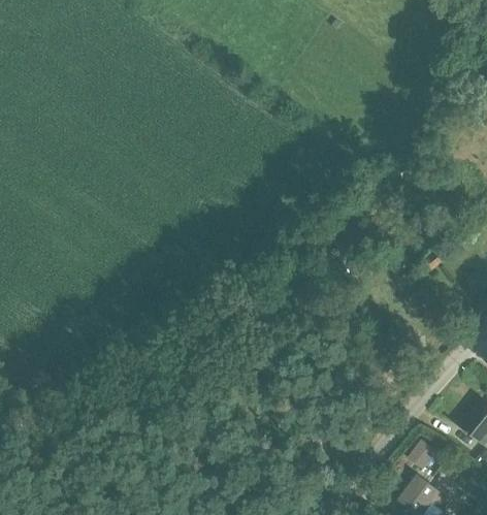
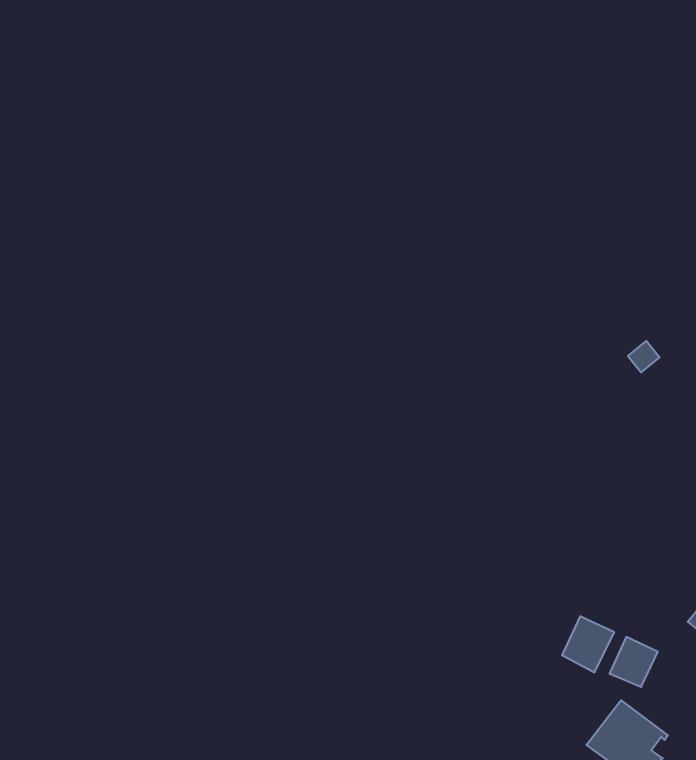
building: none -> [562,616,614,673]

